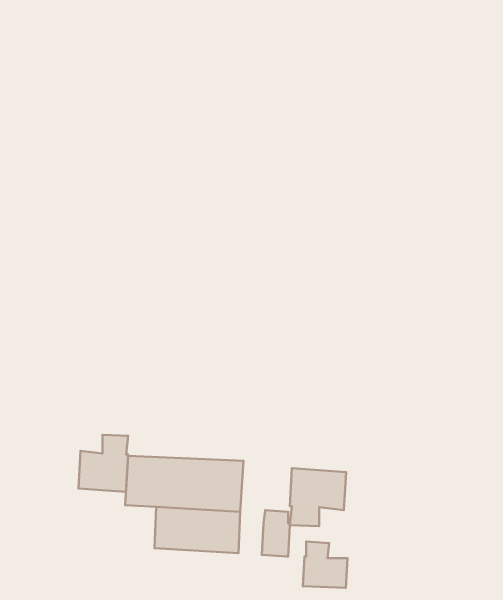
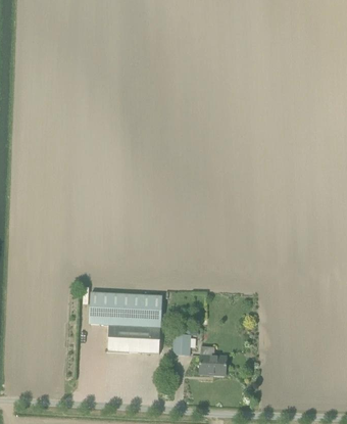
building: [78,435,128,492] -> none
building: [290,468,346,526] -> none

